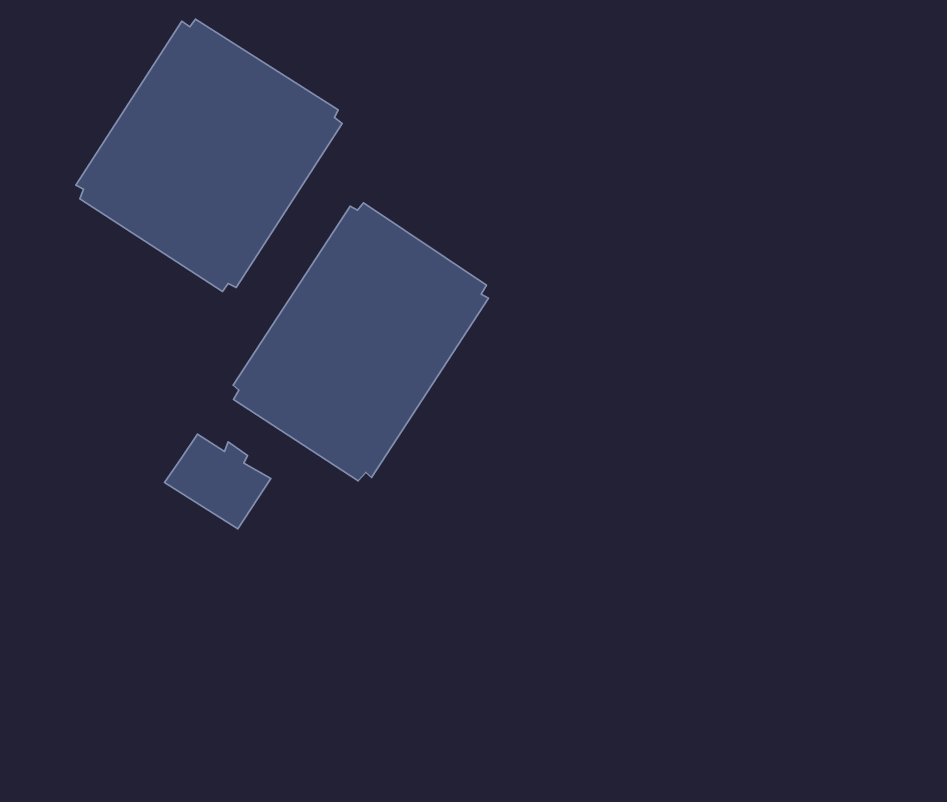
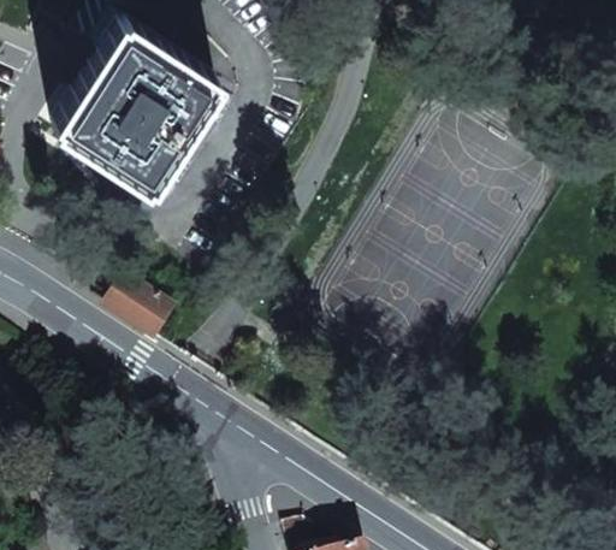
building: [233,203,489,481] -> none

